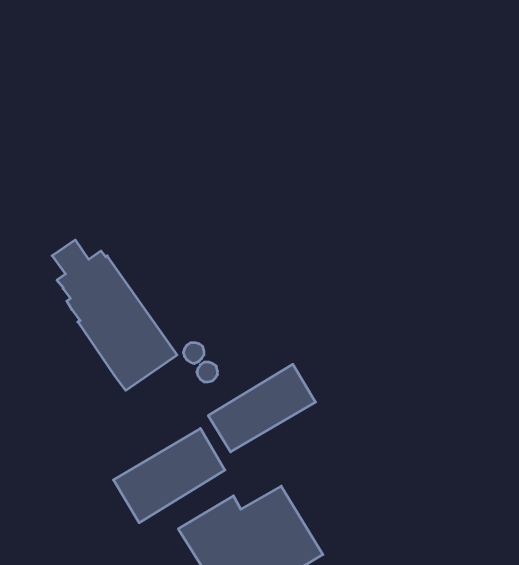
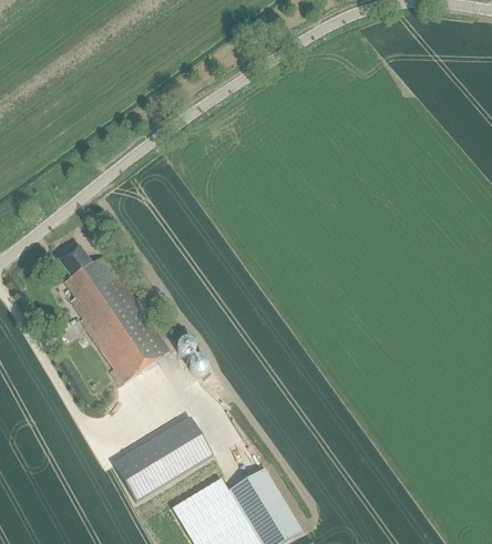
building: [208,364,316,452] -> none

